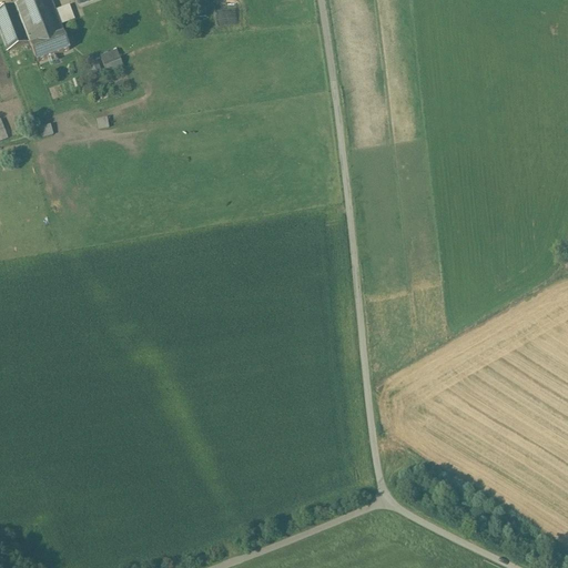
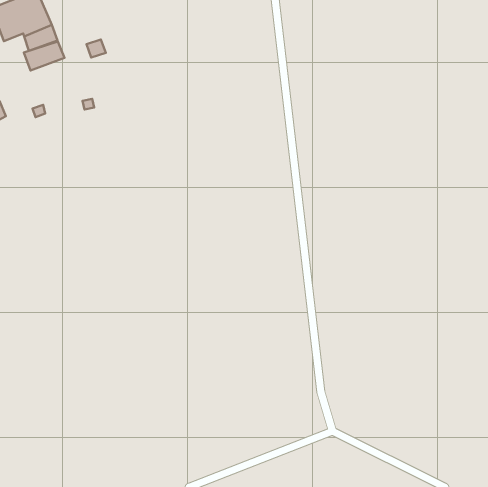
building: none -> [24,42,65,71]

